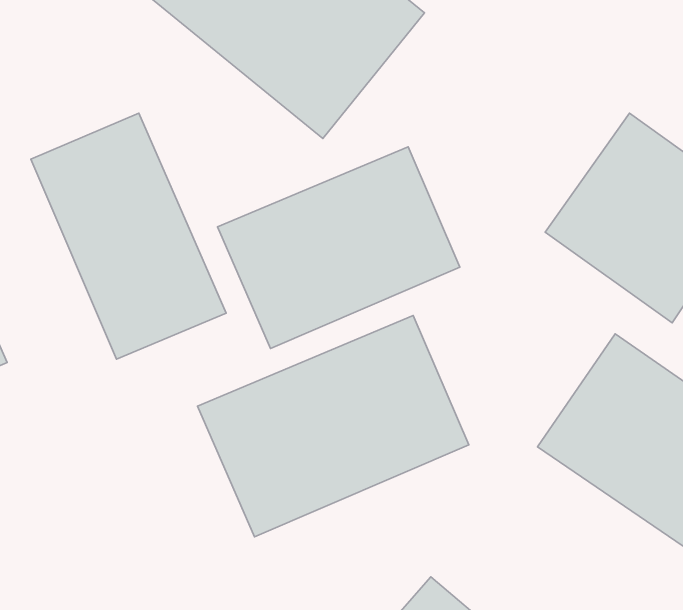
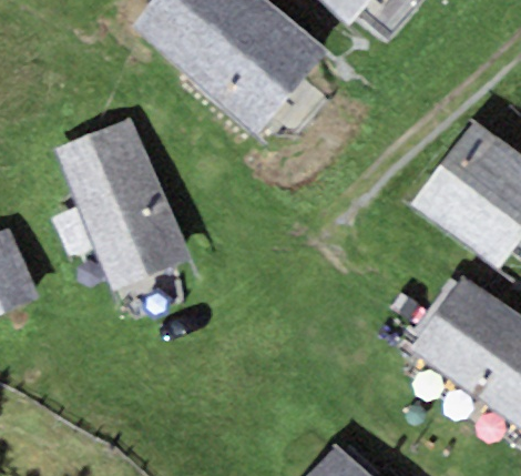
building: [218,147,460,348] -> none
building: [198,316,469,537] -> none

